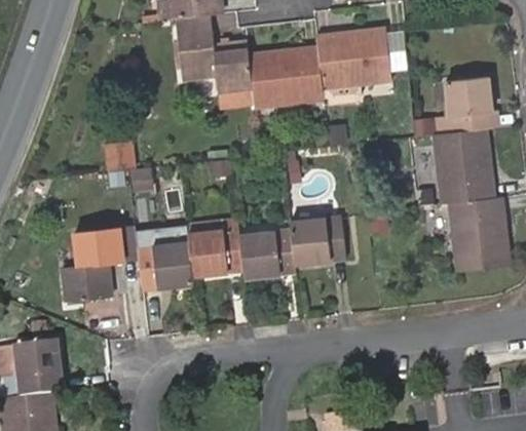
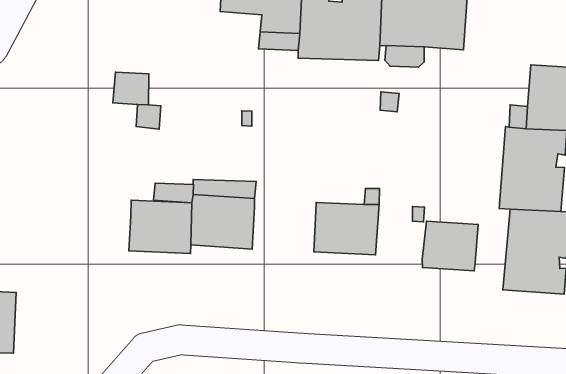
building: none -> [422,221,478,271]
building: [64,222,139,304] -> none
building: [239,232,295,278] -> none

